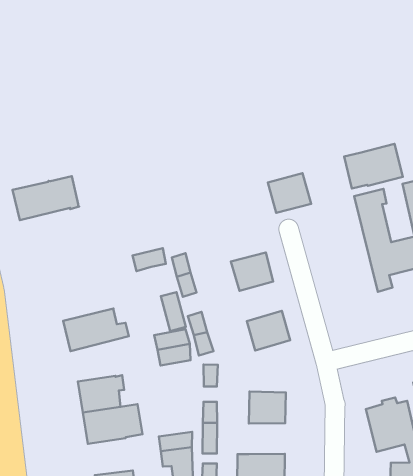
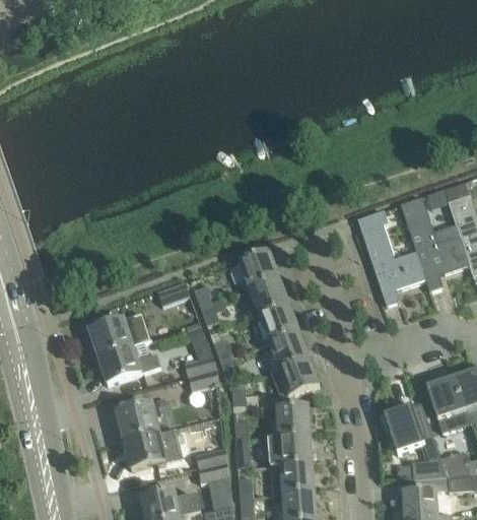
building: [344,144,403,188] -> none
building: [268,173,311,213] -> [238,250,280,288]
building: [12,176,79,220] -> [89,312,152,356]
building: none -> [252,304,299,344]
building: none -> [271,356,320,399]
building: none -> [268,434,314,466]

